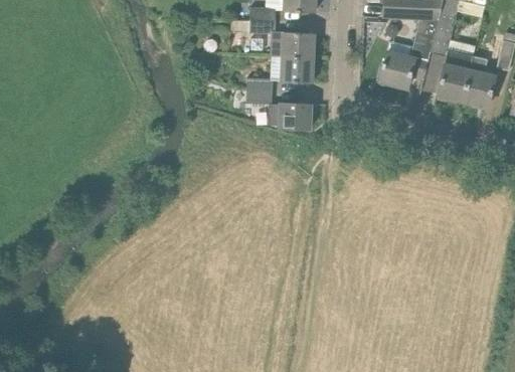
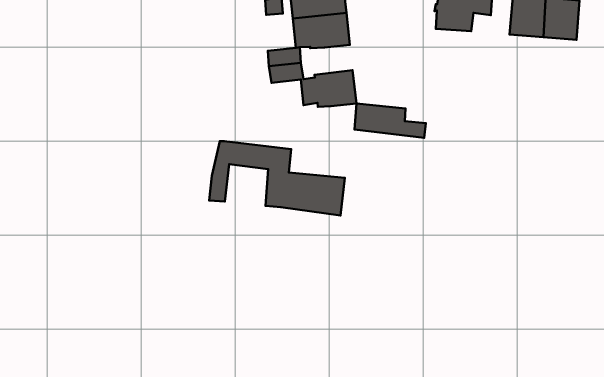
building: none -> [354,103,426,138]
building: none -> [209,141,345,215]

